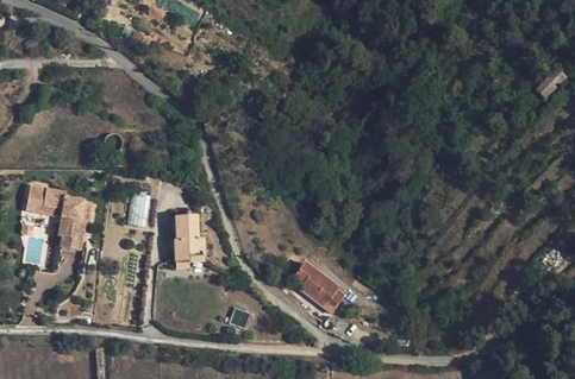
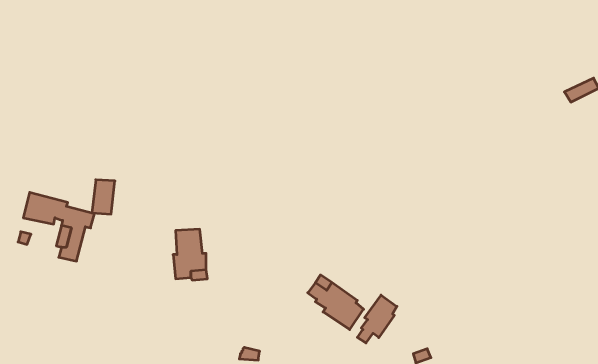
building: [129,190,150,222] -> [92,180,115,214]
building: none -> [357,295,397,343]

